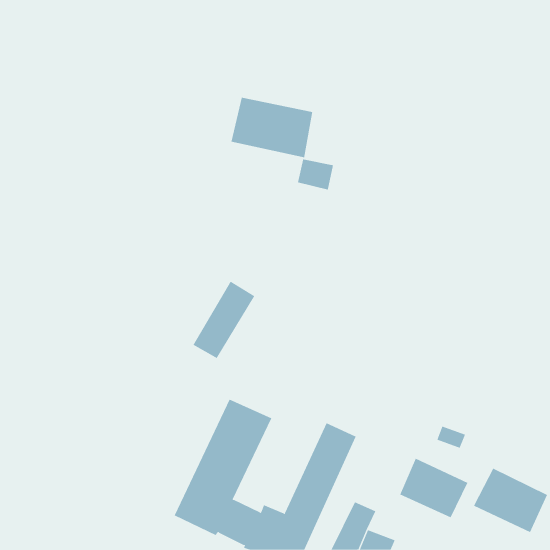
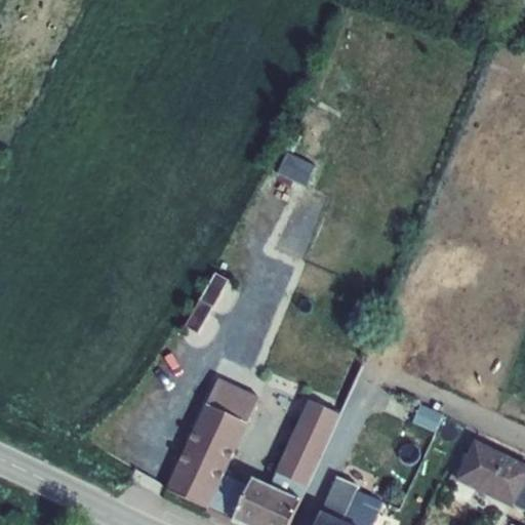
building: [231,97,313,158] -> none
building: [399,458,468,518] -> none

